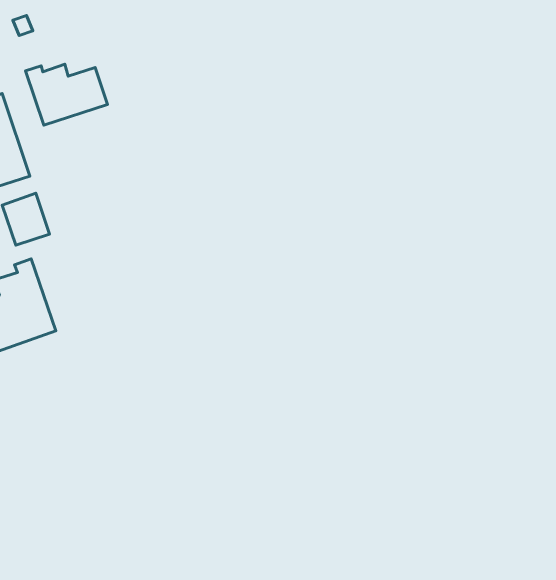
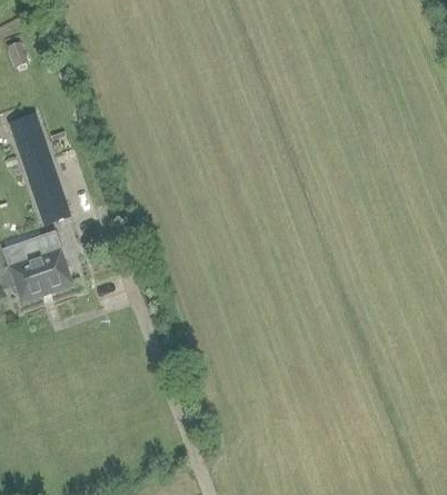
building: [26,64,108,125] -> none

